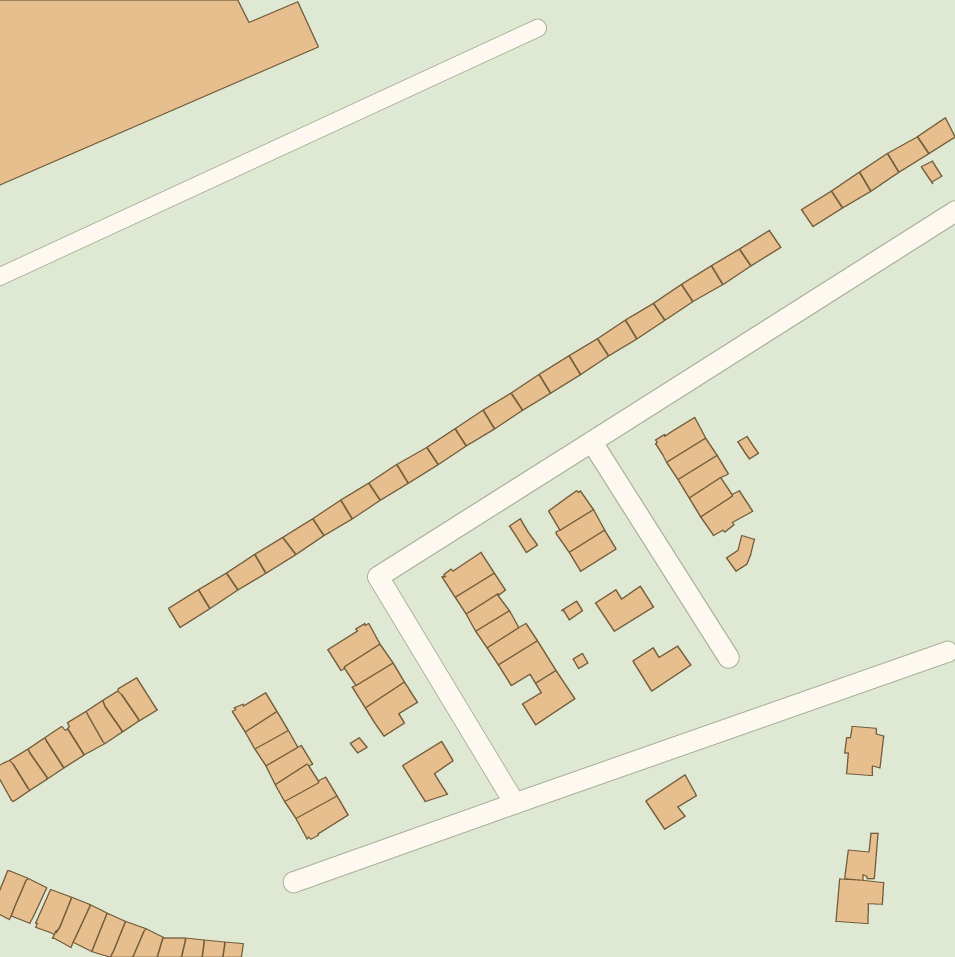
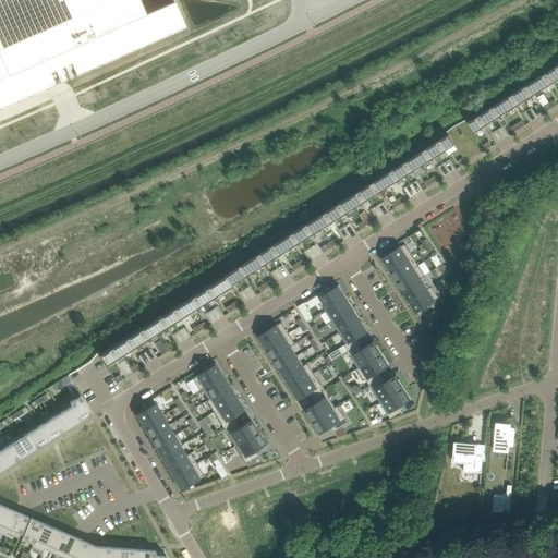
building: none -> [338,319,366,351]
building: none -> [355,353,388,385]
building: none -> [312,405,348,433]
building: none -> [223,420,257,446]
building: none -> [452,441,482,473]
building: [646,775,696,829] -> [379,387,409,418]
building: [836,879,883,924] -> none

